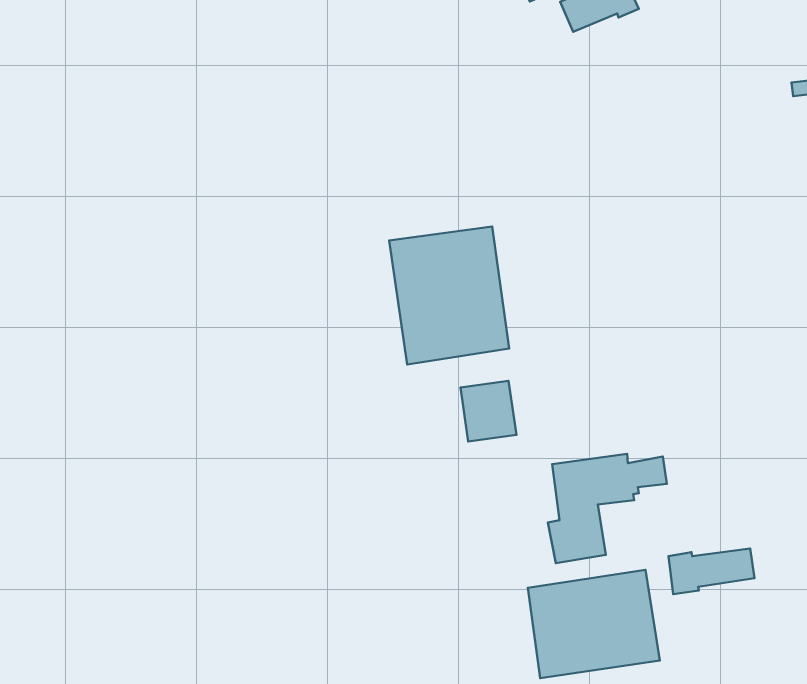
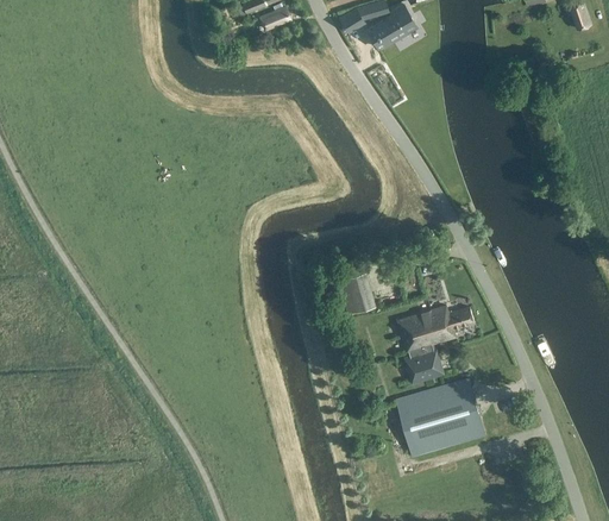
building: [389,226,509,364] -> none
building: [669,549,755,594] -> none

